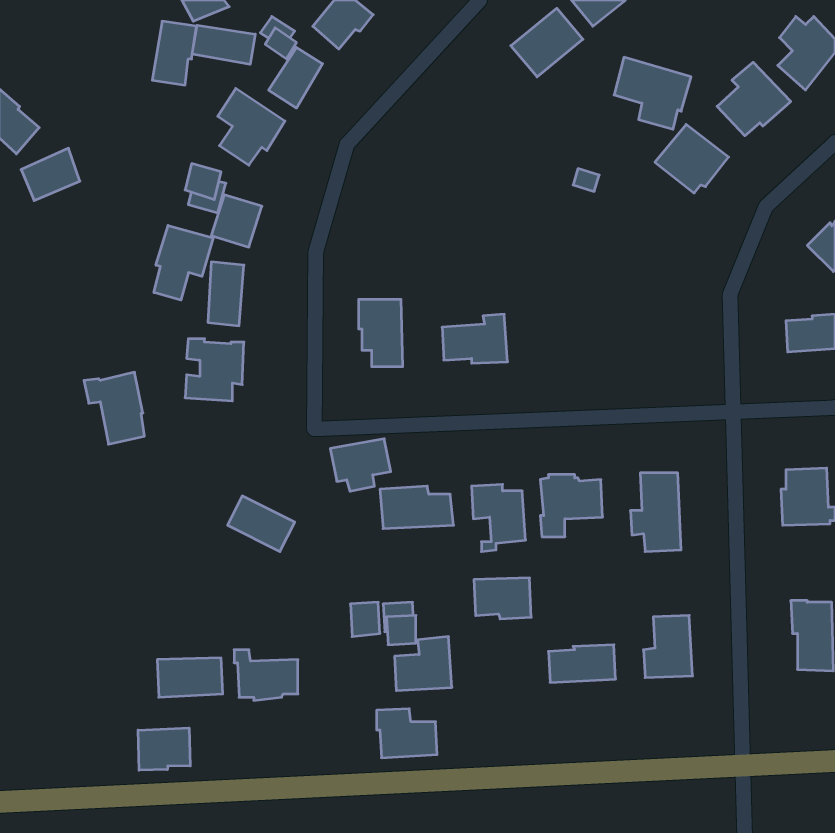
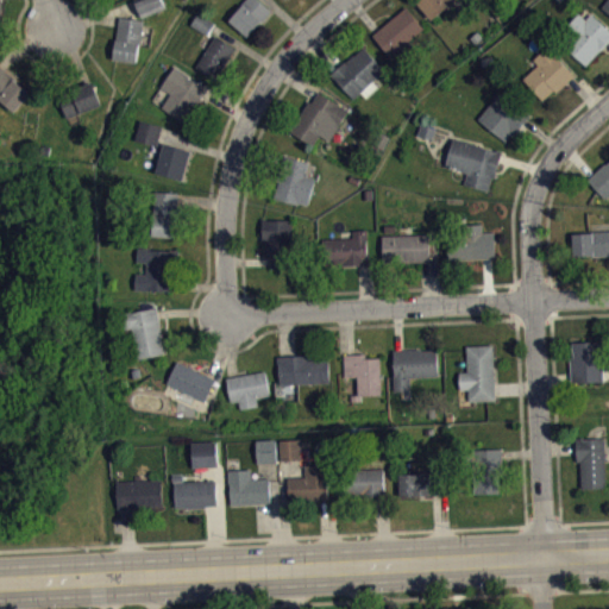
building: [192,25,255,64] -> none
building: [614,57,691,129] -> [445,140,501,193]
building: none -> [328,49,383,101]
building: none -> [289,94,347,147]
building: [21,148,80,201] -> [57,82,100,120]
building: none -> [271,156,314,206]
building: [154,225,213,300] -> none
building: none -> [446,225,495,262]
building: none -> [381,236,429,263]
building: [84,372,144,444] -> [119,308,163,360]
building: [330,439,391,491] -> [225,372,269,410]
building: [474,578,531,619] -> [343,470,384,500]
building: none -> [189,442,218,470]
building: [377,709,437,758] -> [226,470,270,506]
building: [138,728,190,770] -> none

